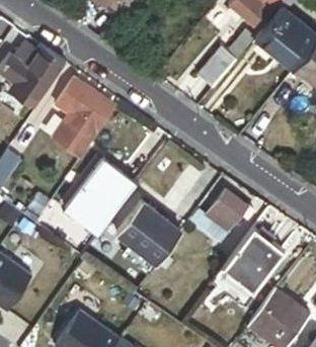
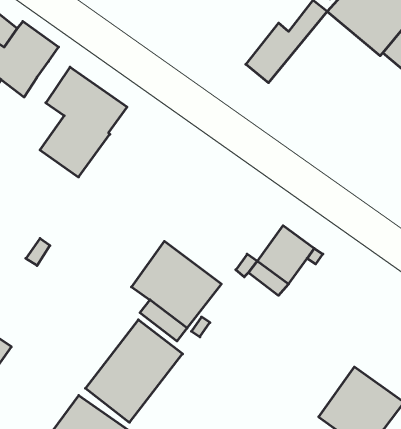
building: [66,159,135,232] -> [85,320,183,422]
building: [222,226,285,290] -> none

